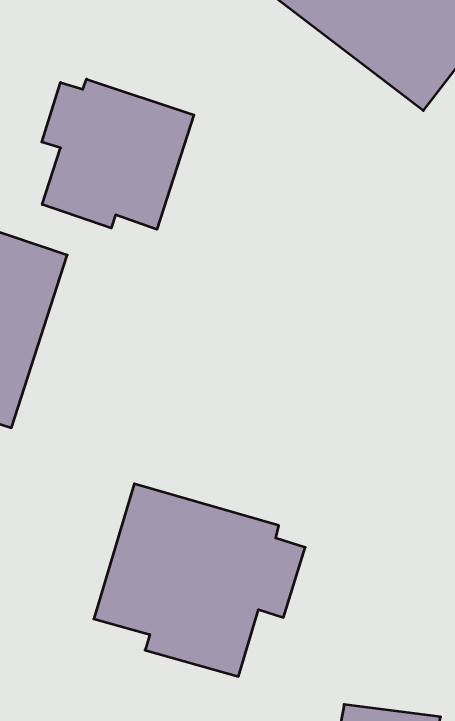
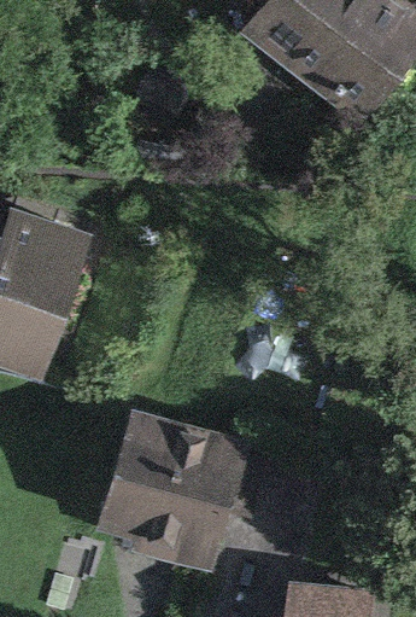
building: [42,79,194,229] -> none

